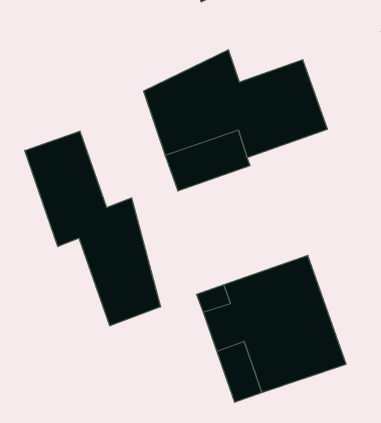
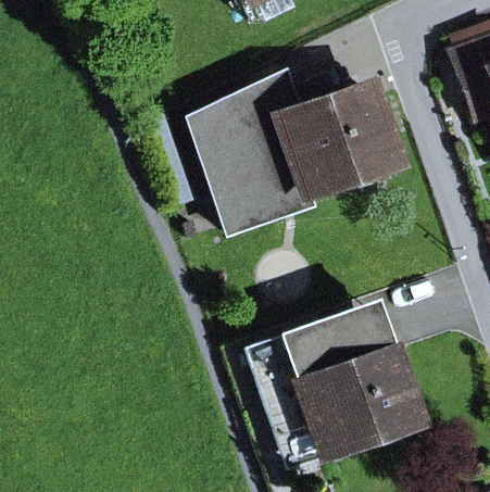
building: [25,131,161,326] -> none

